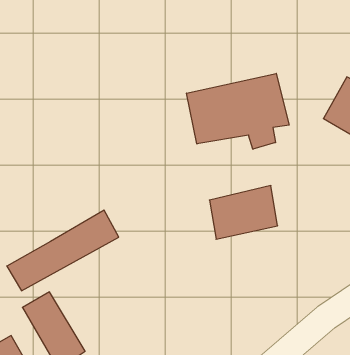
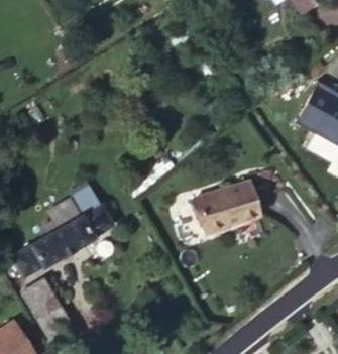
building: [187,73,289,149] -> none
building: none -> [44,186,99,233]

